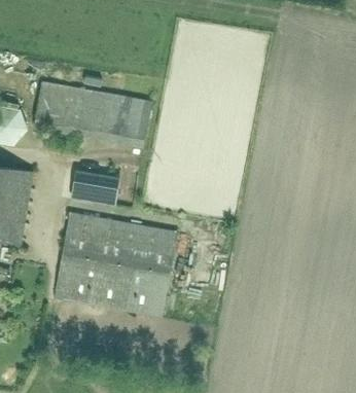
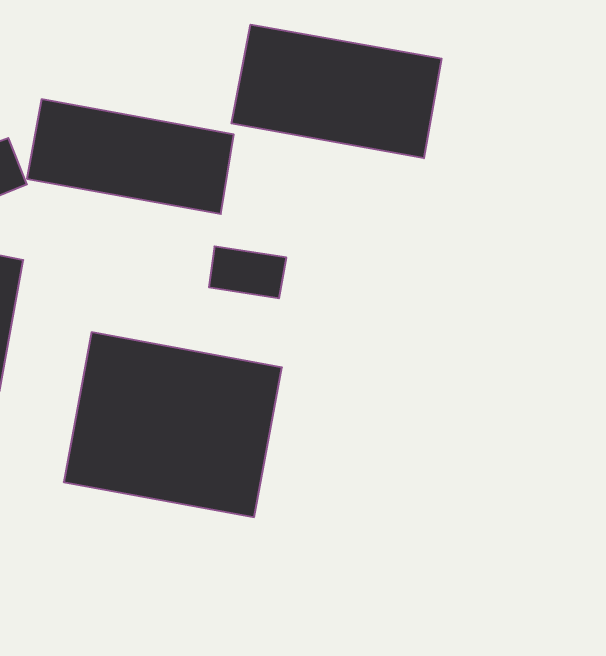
building: none -> [231,25,442,158]
building: [74,172,117,201] -> [209,246,286,298]

